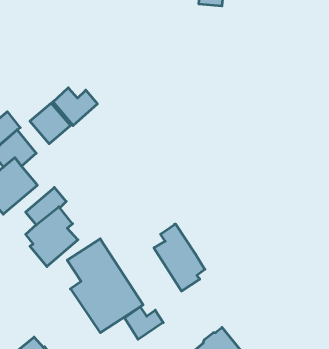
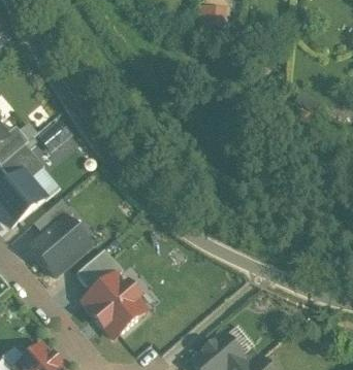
building: [53,88,97,126] -> none
building: [154,224,205,291] -> none
building: [124,307,163,339] -> none

